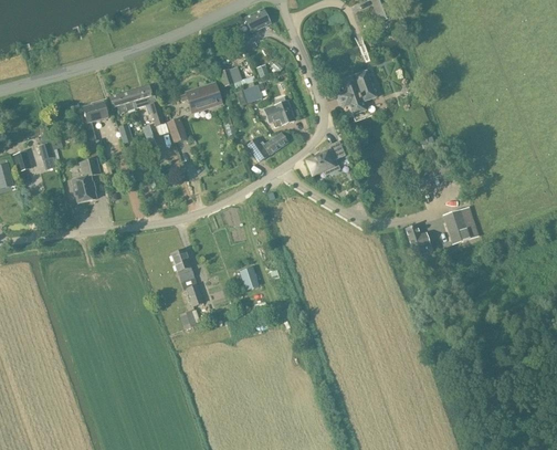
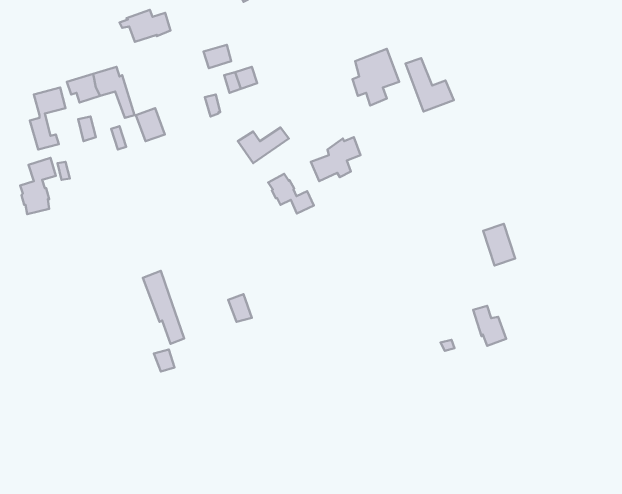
building: none -> [406,58,454,112]
building: [181,85,222,111] -> [120,10,171,42]
building: [264,96,295,127] -> none
building: none -> [268,174,314,213]
building: [406,224,432,257] -> [473,306,506,346]

